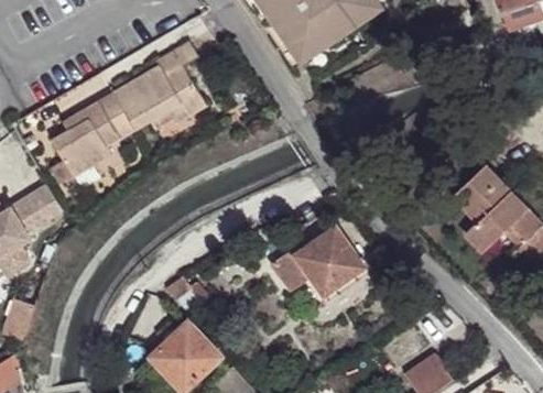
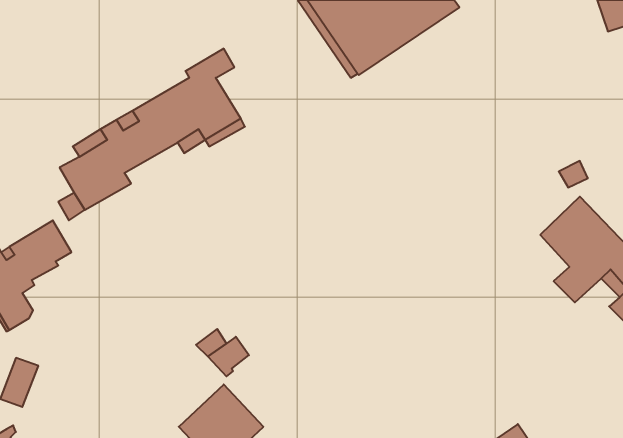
building: [273,226,363,294] -> none

